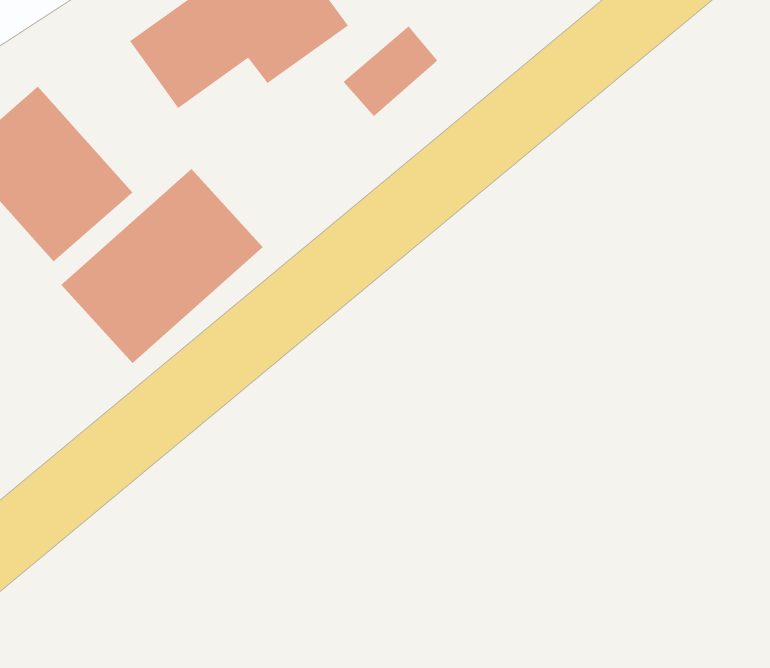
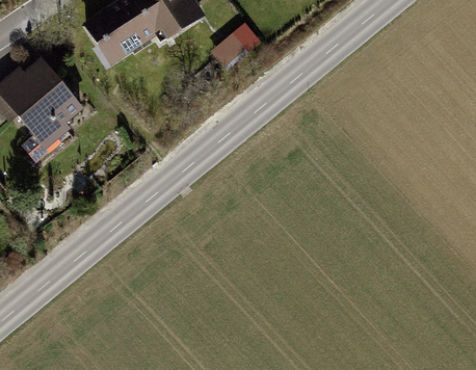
building: [61,168,263,364] -> none

